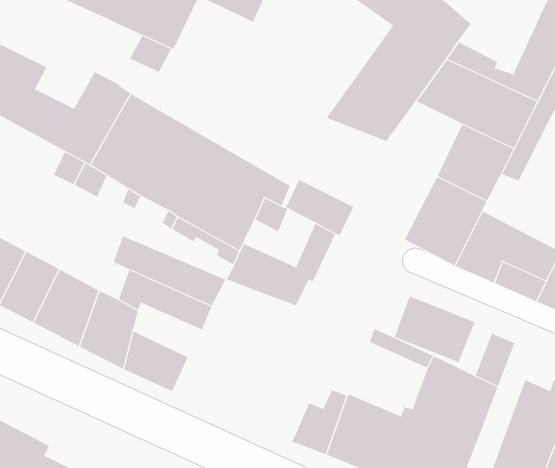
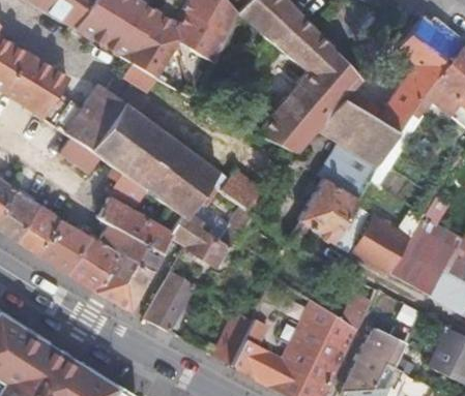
building: [394,296,475,363] -> none
building: none -> [108,247,155,287]
building: none -> [145,271,196,331]

